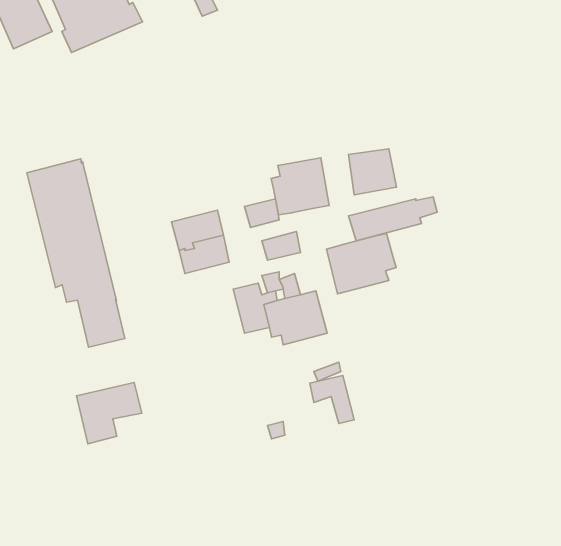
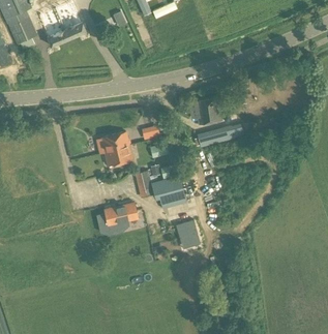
building: [271,158,329,215] -> none
building: [27,159,125,347] -> none
building: [326,233,396,294] -> none
building: [76,382,142,444] -> [103,203,139,236]

